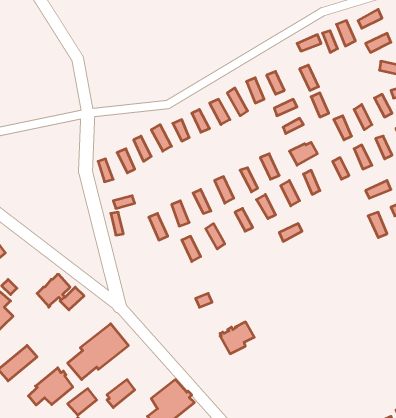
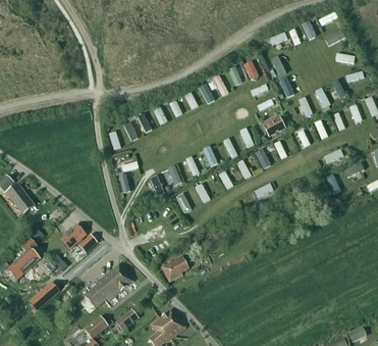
building: [220,322,254,354] -> [161,254,188,280]
building: [28,368,73,405] -> none

